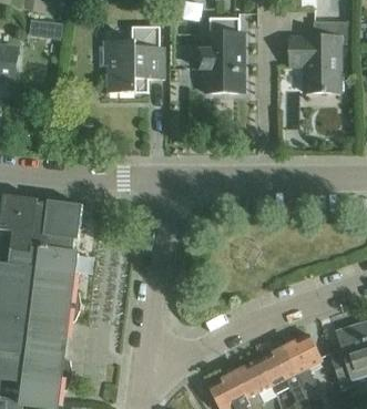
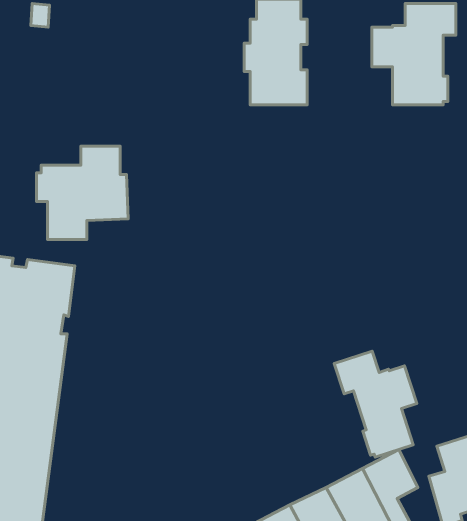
building: [100,28,164,93] -> [36,146,128,239]
building: none -> [334,351,417,457]

